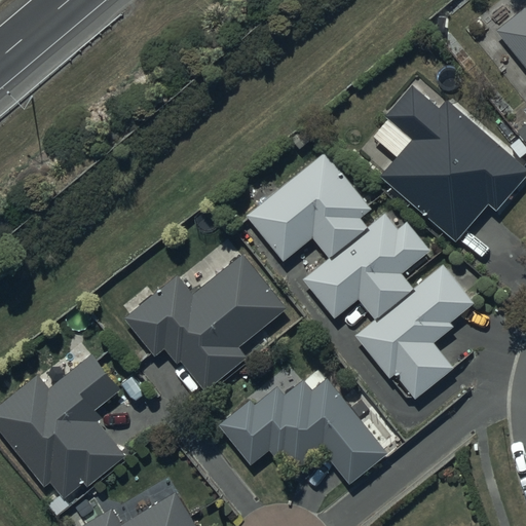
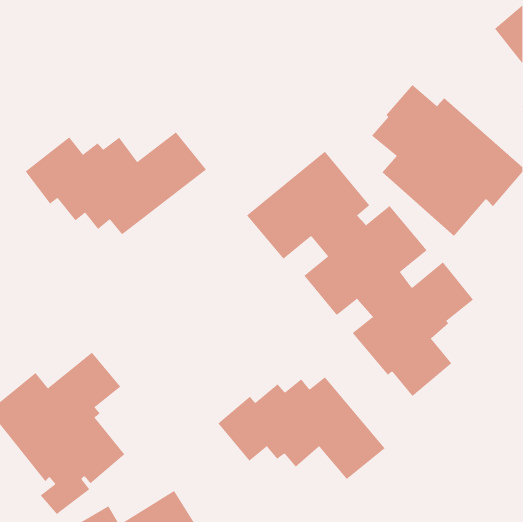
building: none -> [25,131,207,235]
building: [123,255,285,388] -> none

